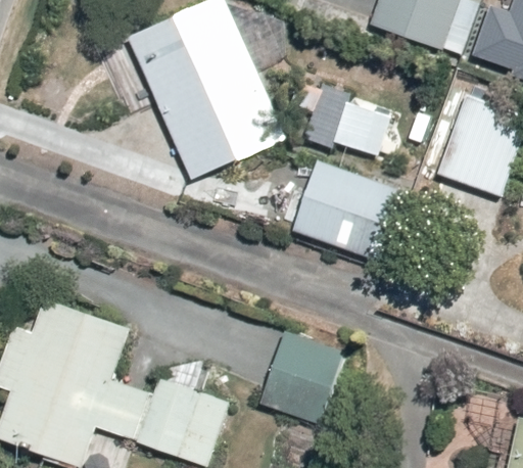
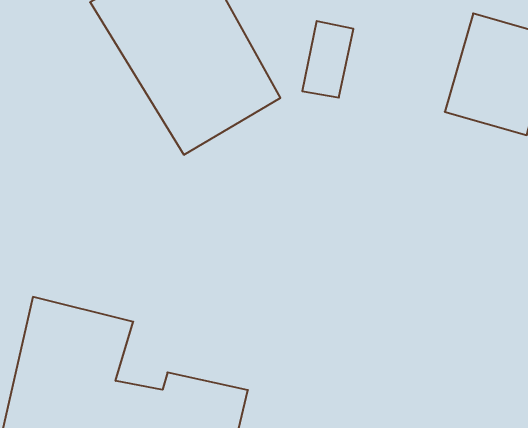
building: [287,149,398,272] -> none
building: [263,322,345,417] -> none

